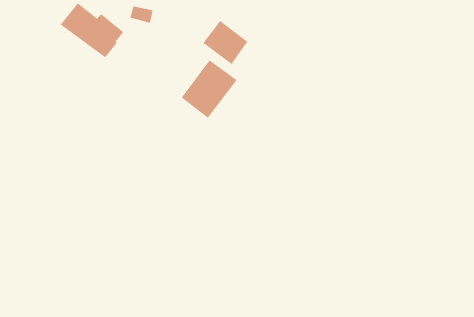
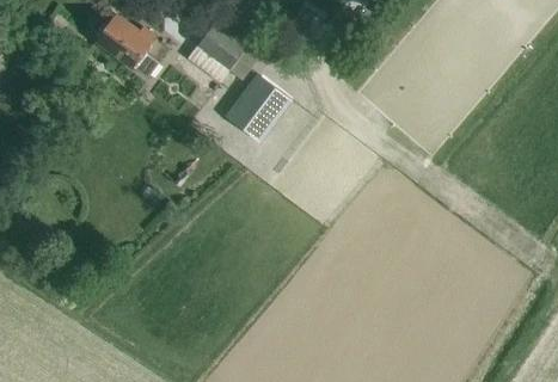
building: [202,20,248,65] -> [195,20,245,69]

